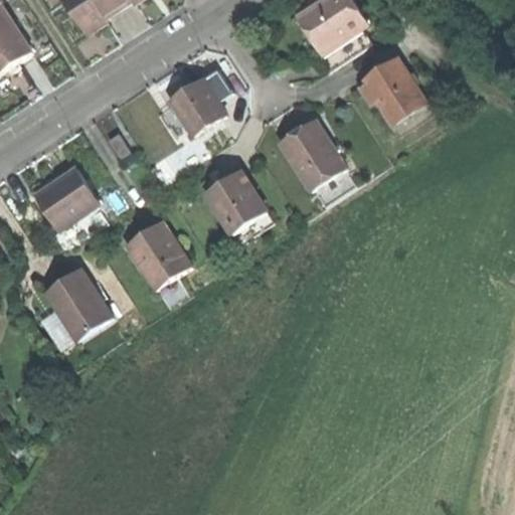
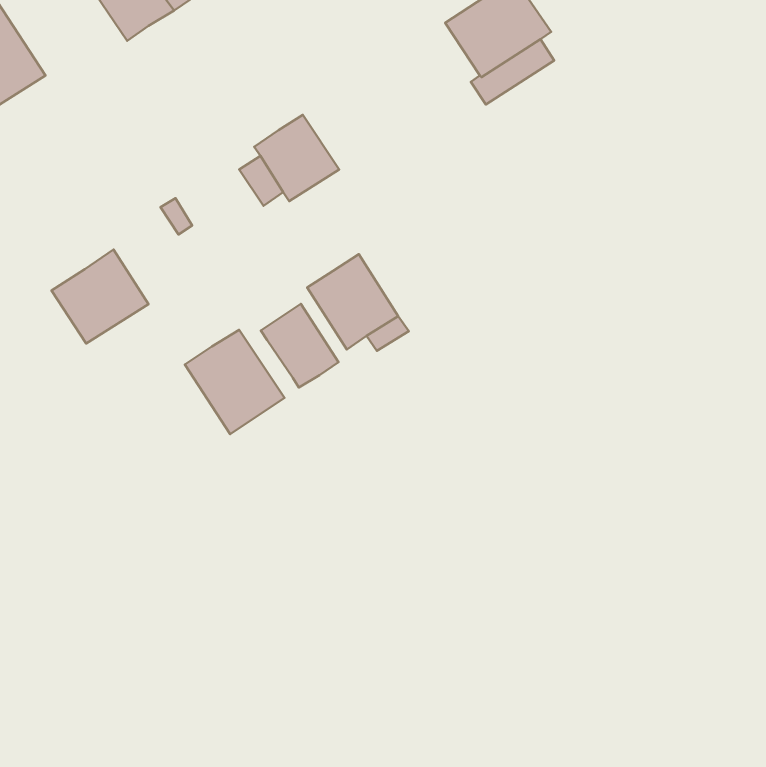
building: [359,57,425,122] -> none
building: [282,122,346,189] -> none
building: none -> [261,304,339,388]
building: [42,267,111,339] -> none

